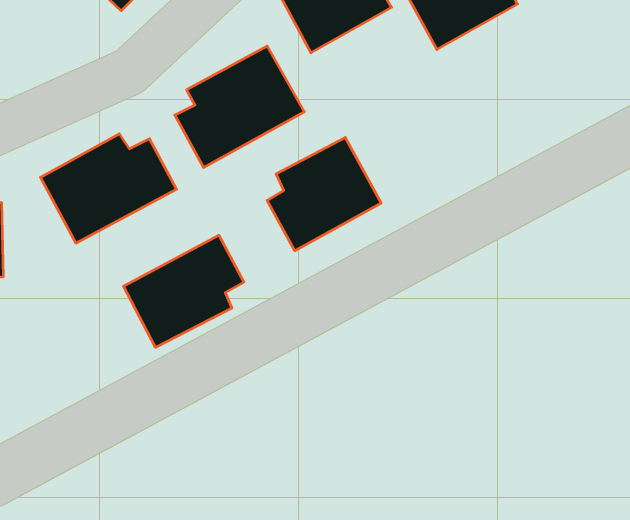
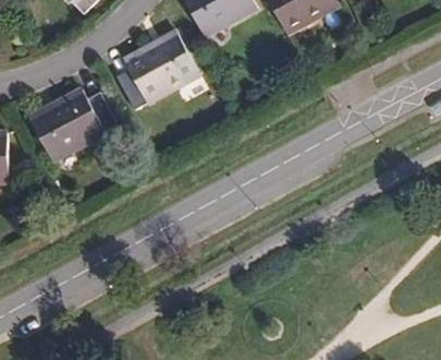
building: [267,137,381,251] -> none
building: [123,235,244,347] -> none

